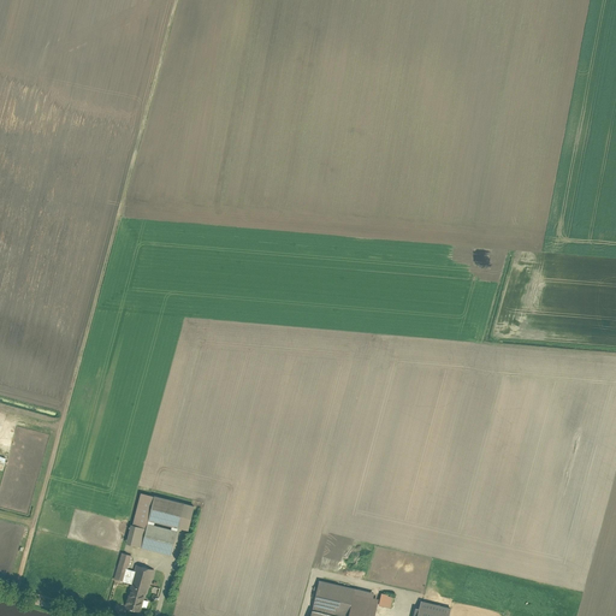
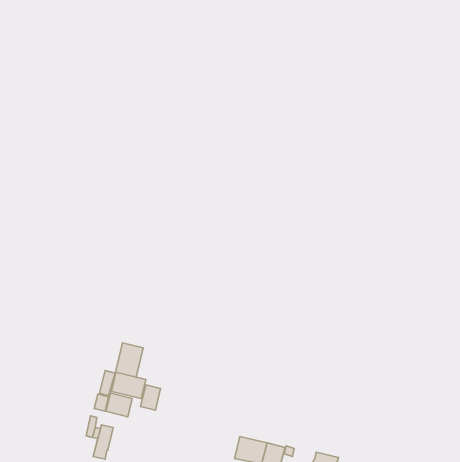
building: none -> [116,343,143,377]
building: none -> [140,385,161,410]

